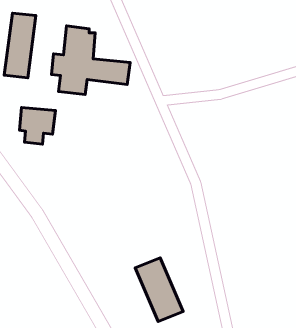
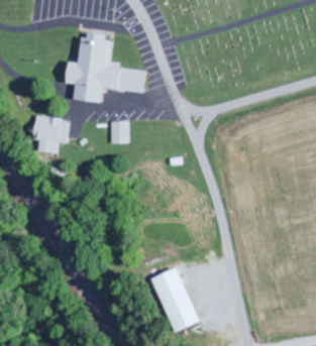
building: [4,13,36,78] -> none
building: none -> [110,121,128,143]

